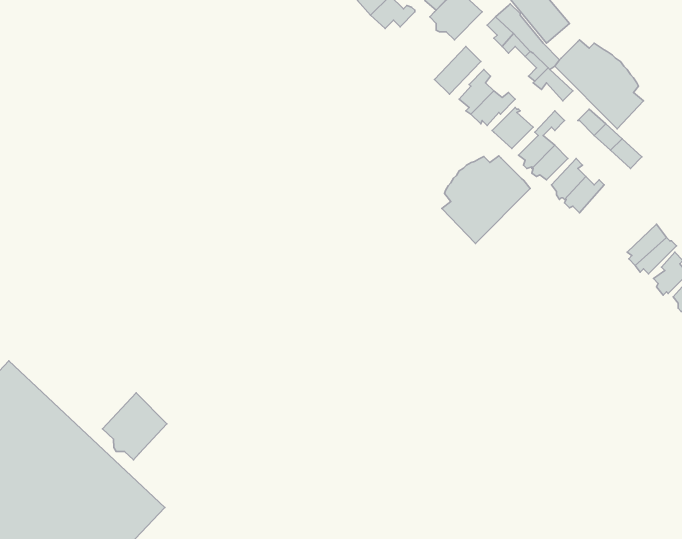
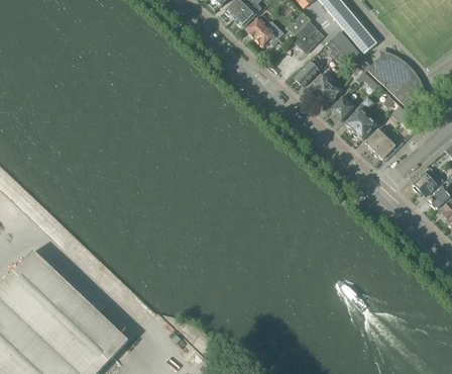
building: [442,156,530,243] -> none
building: [102,393,167,460] -> none

